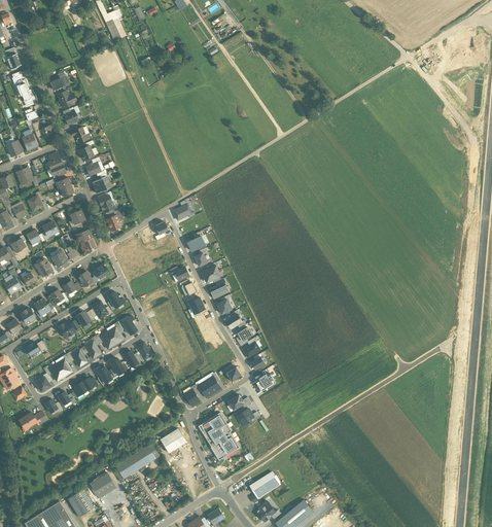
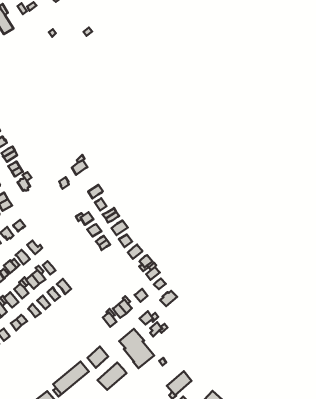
building: none -> [98,362,126,390]

